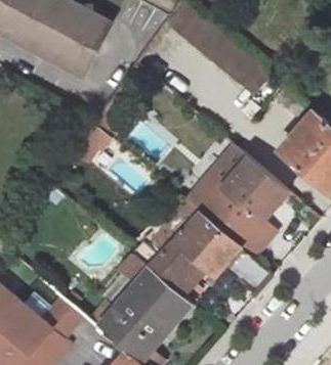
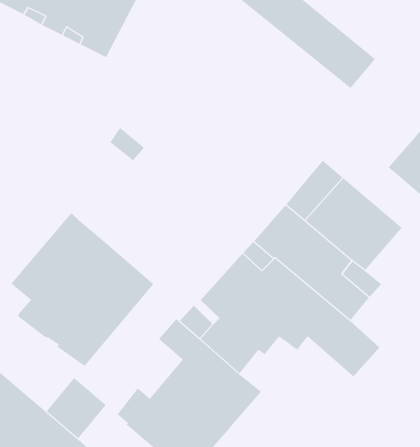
building: none -> [10,213,154,367]

